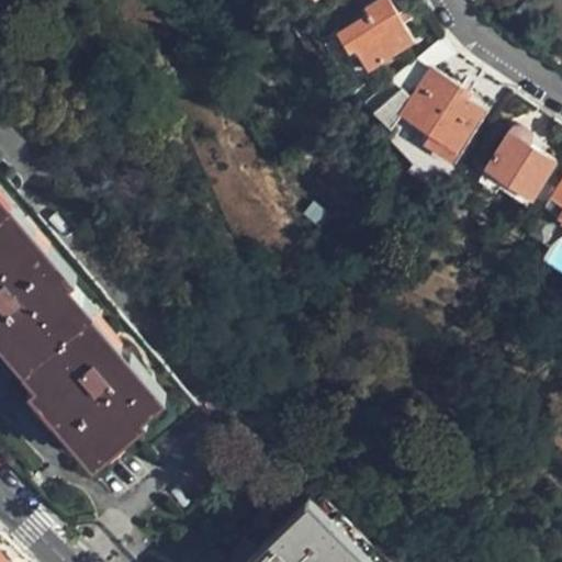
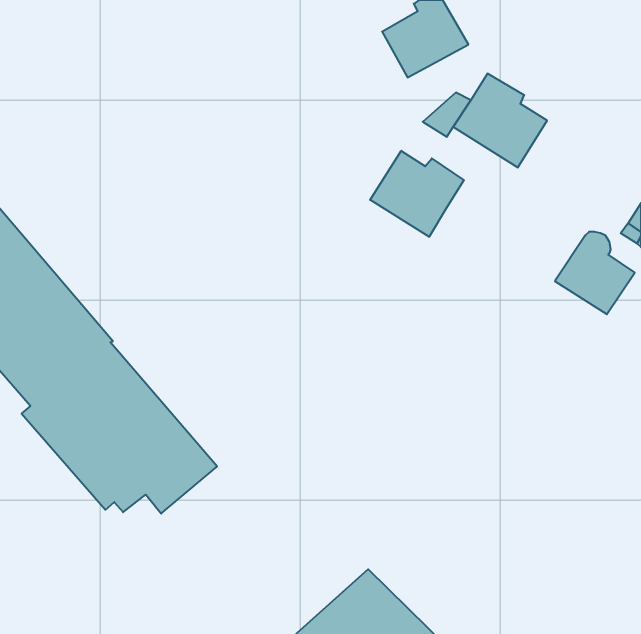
building: [476,133,546,204] -> [555,232,635,314]
building: none -> [370,151,464,237]

